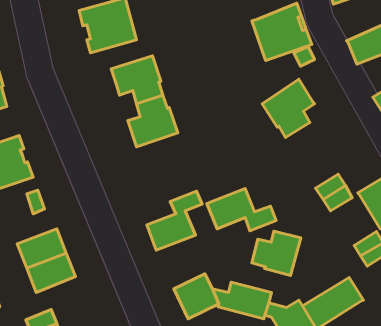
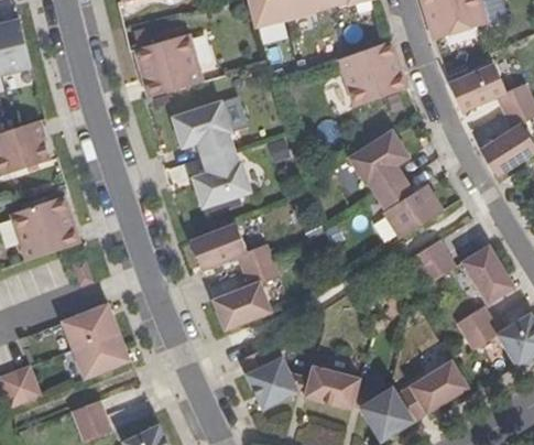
building: none -> [377,178,444,238]
building: [207,188,276,231] -> [190,221,272,271]
building: [252,231,301,275] -> none

